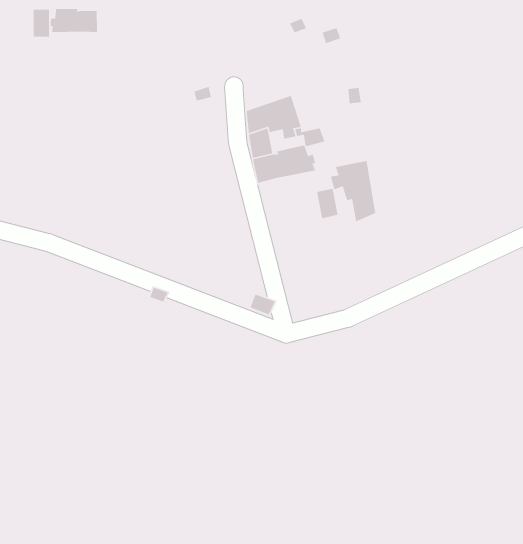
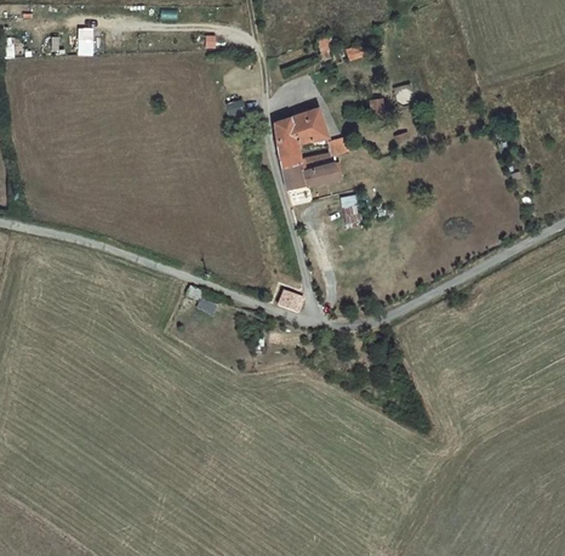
building: [50,8,98,33] -> none
building: [330,160,376,223] -> none

